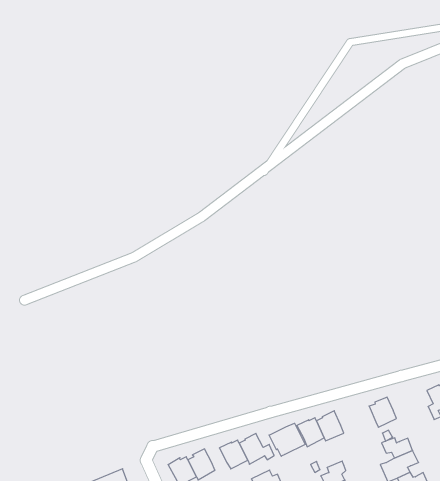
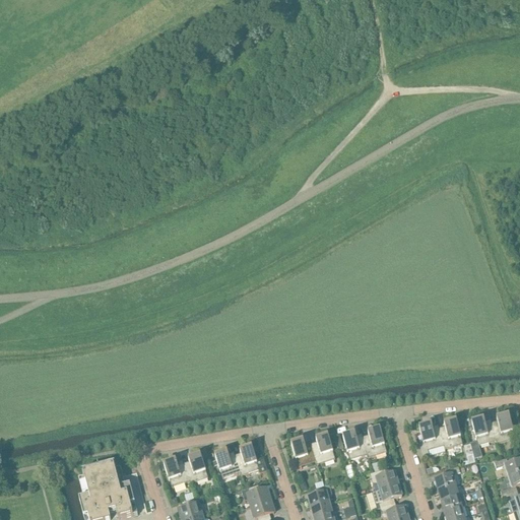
building: none -> [342,430,367,456]
building: [269,423,305,456] -> none

